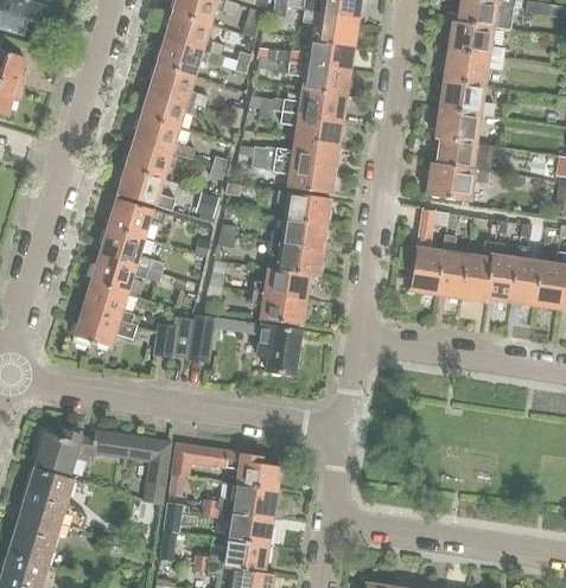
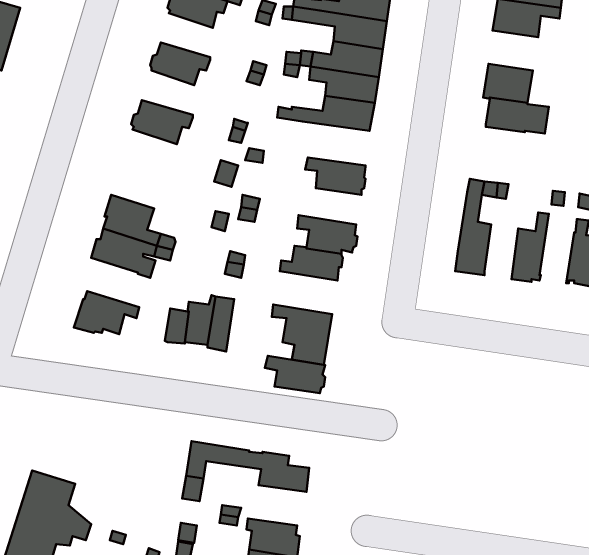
building: [150,63,208,108] -> none
building: [440,78,495,116] -> none
building: [133,114,195,159] -> none
building: [252,155,335,193] -> none
building: [427,161,490,202] -> none
building: [117,166,174,209] -> none
building: [106,198,164,236] -> none
building: [272,218,329,250] -> none
building: [437,234,466,299] -> none
building: [485,241,516,302] -> none
building: [82,280,134,324] -> none
building: [253,292,306,325] -> [265,356,325,393]
building: [37,429,170,501] -> none
building: [220,481,279,517] -> none

